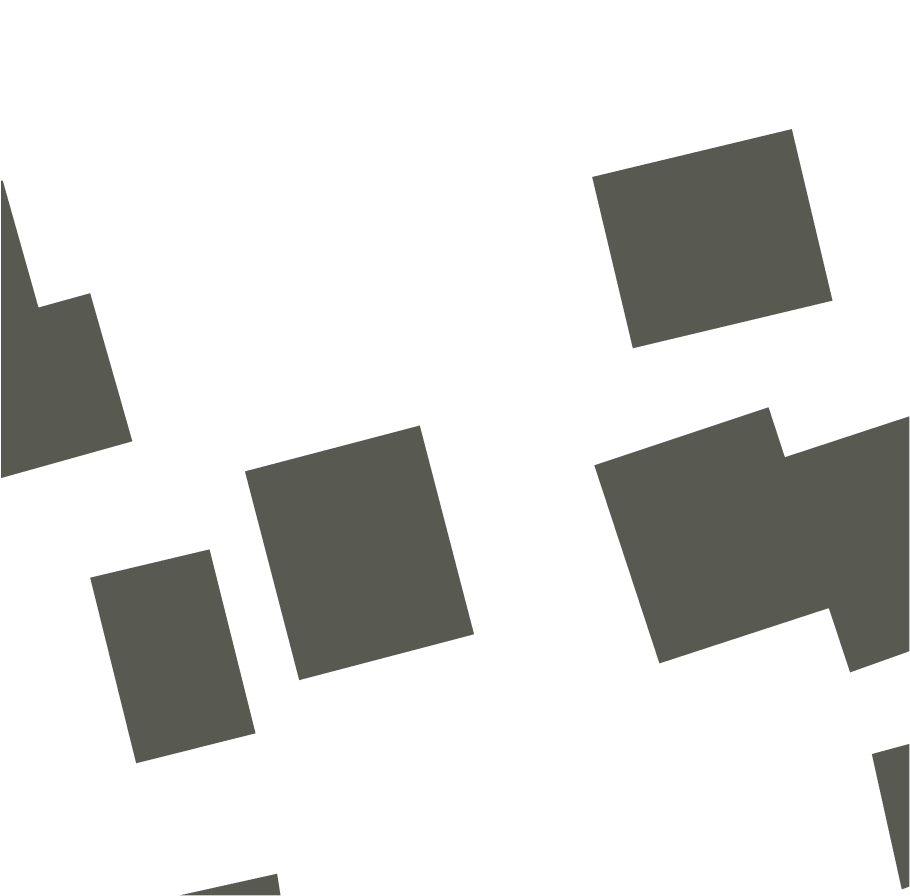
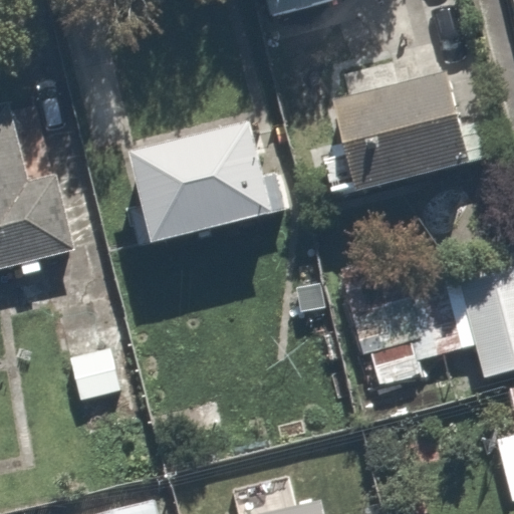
building: none -> [125,116,279,249]
building: [244,425,475,681] -> none

